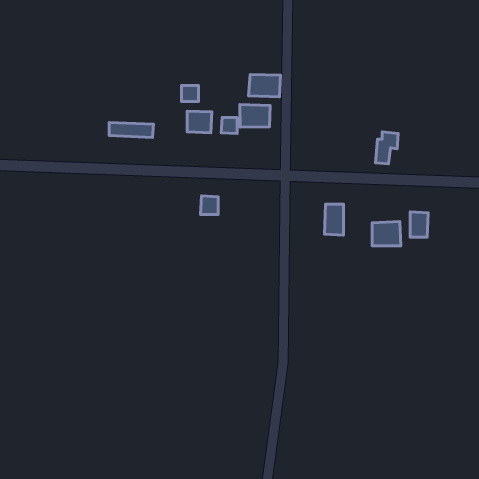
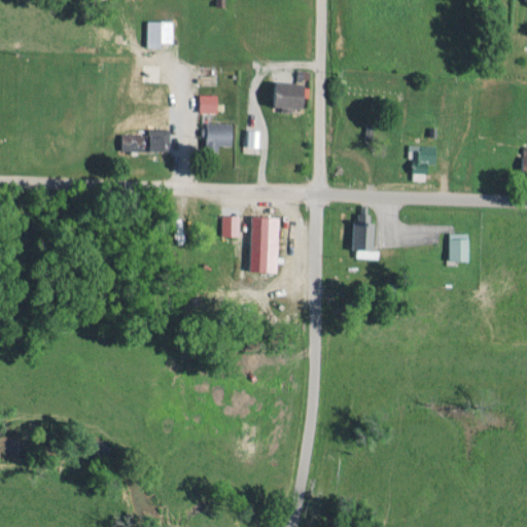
building: none -> [146,22,173,48]
building: [240,104,270,127] -> none
building: none -> [250,217,279,273]
building: [372,222,401,246] -> none

